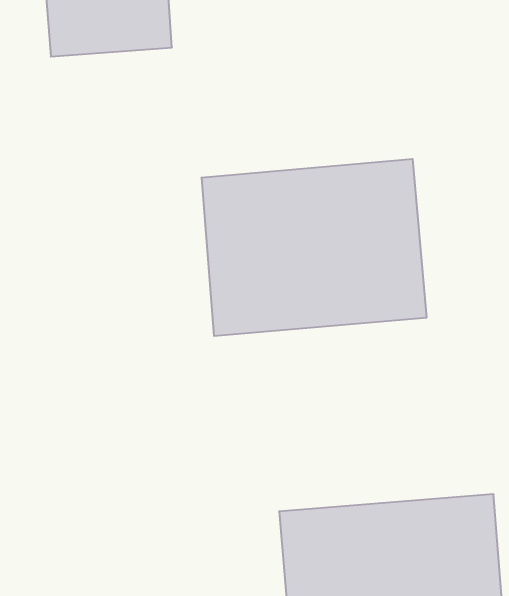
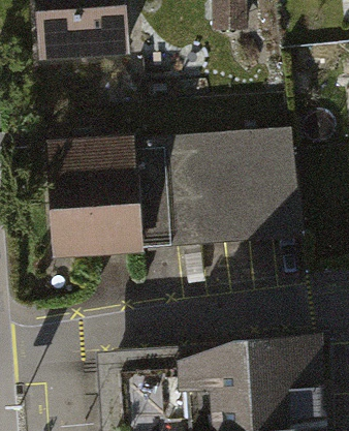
building: none -> [44,144,133,255]

